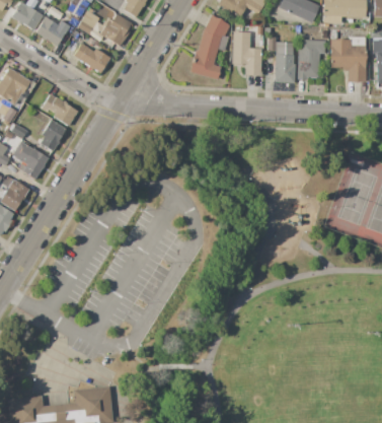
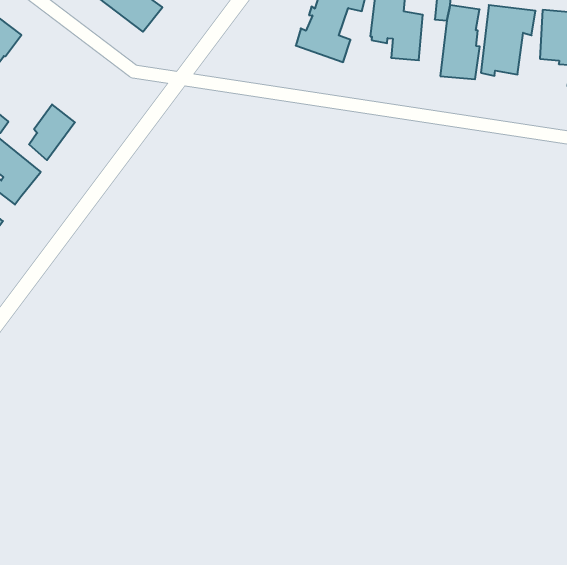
building: [42,93,77,125] -> none

